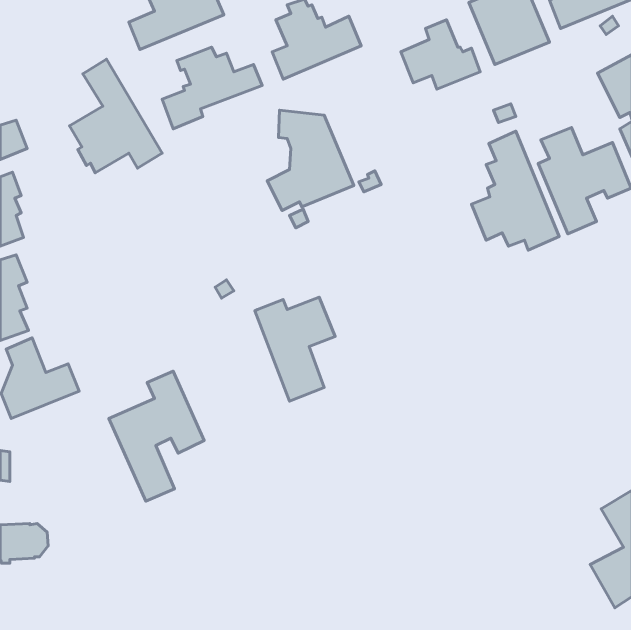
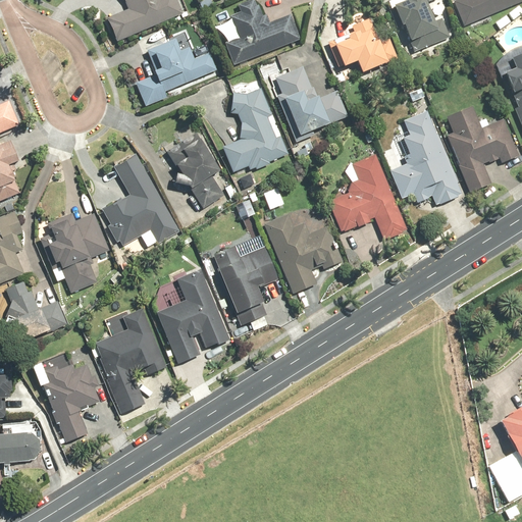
building: [69,59,162,173] -> [103,153,179,247]
building: none -> [273,66,350,142]
building: none -> [168,134,225,209]
building: none -> [328,153,407,239]
building: none -> [44,207,108,292]
building: none -> [262,212,343,294]
building: none -> [156,268,231,361]
building: none -> [41,358,106,441]

